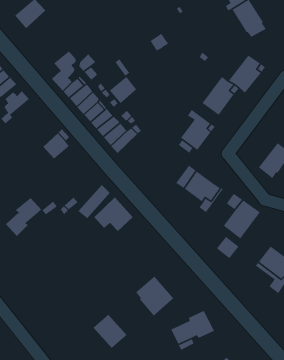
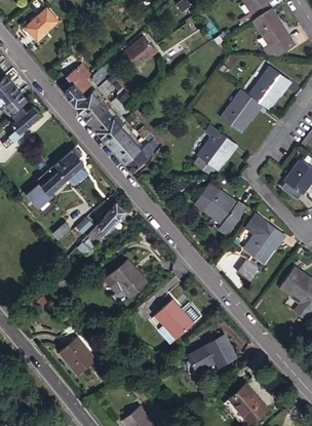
building: [109,76,137,104] -> [123,38,153,68]
building: [94,197,134,232] -> [105,260,147,297]
building: [5,197,42,237] -> [27,165,66,207]
building: [92,314,128,349] -> [62,342,99,379]

